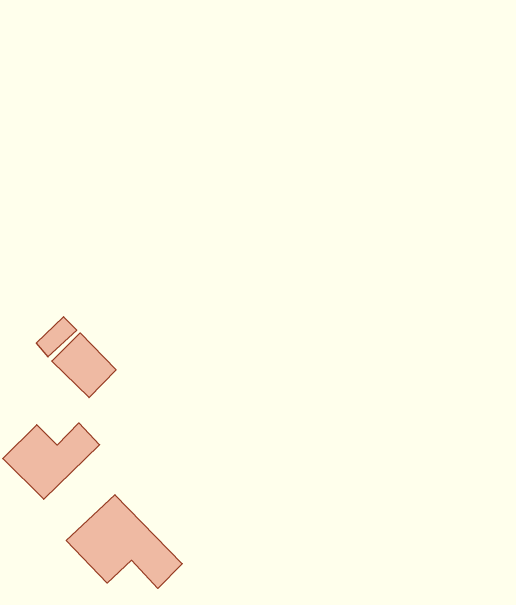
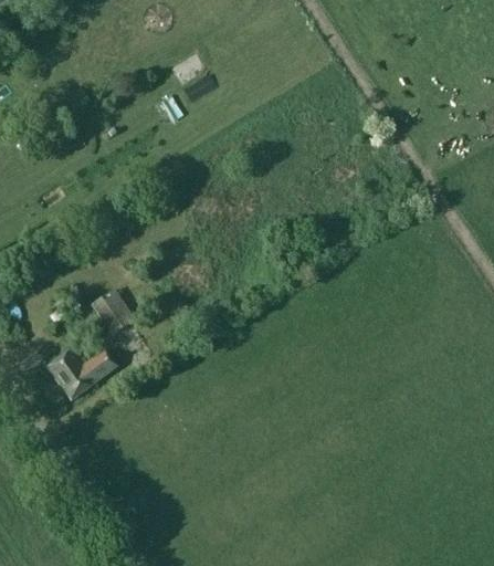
building: [66,495,182,588] -> none

